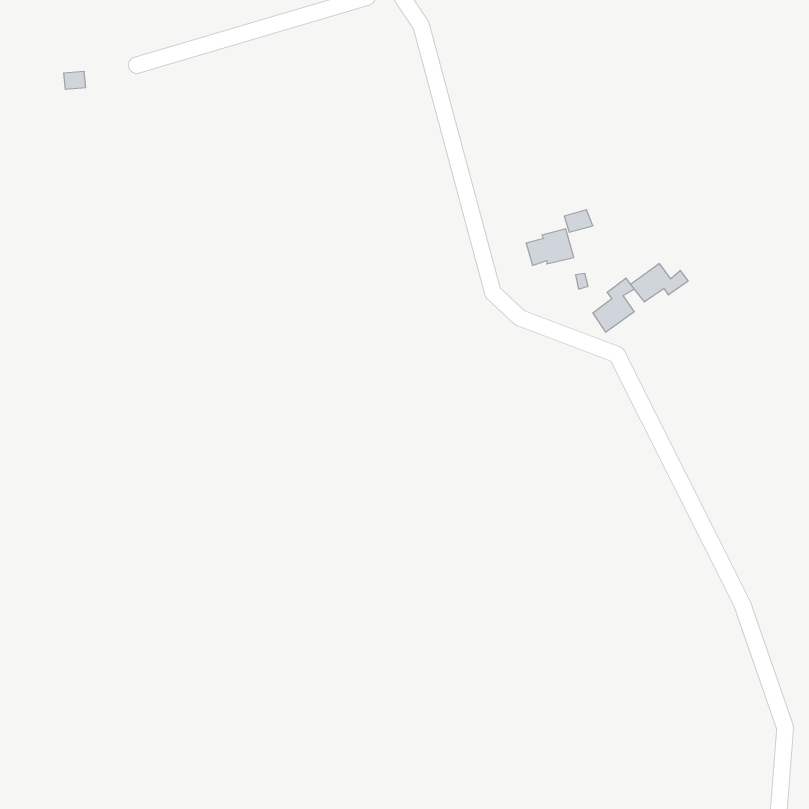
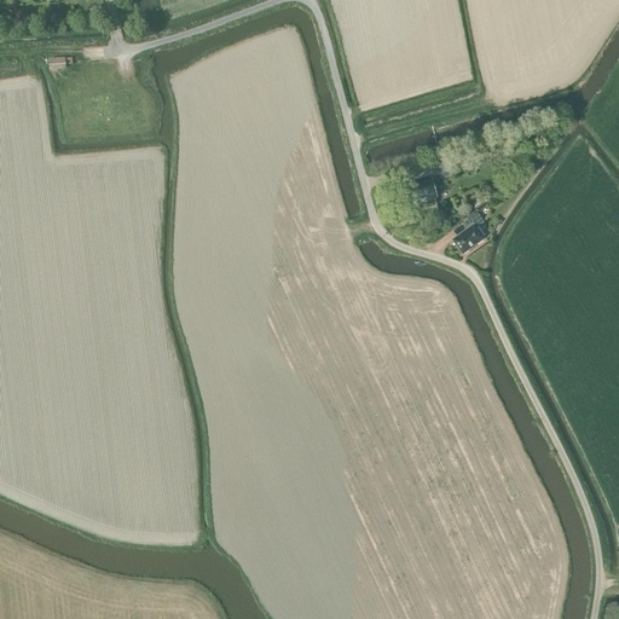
building: [631,263,688,302] -> none

